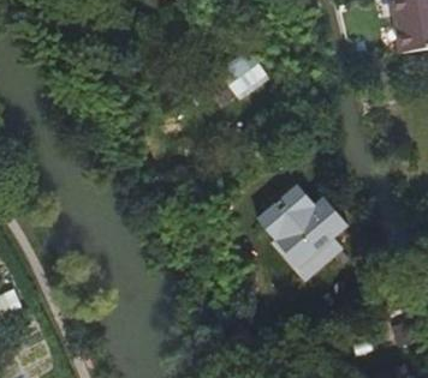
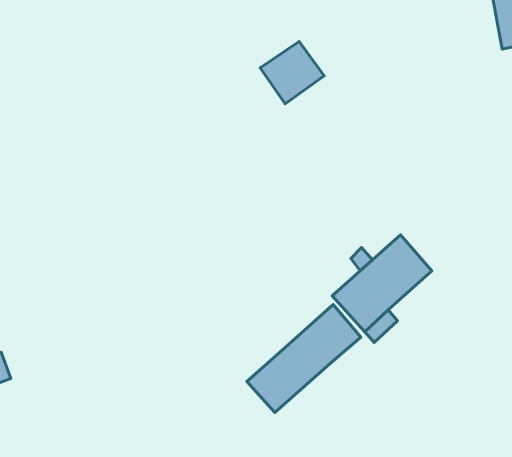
building: none -> [247,305,361,412]

